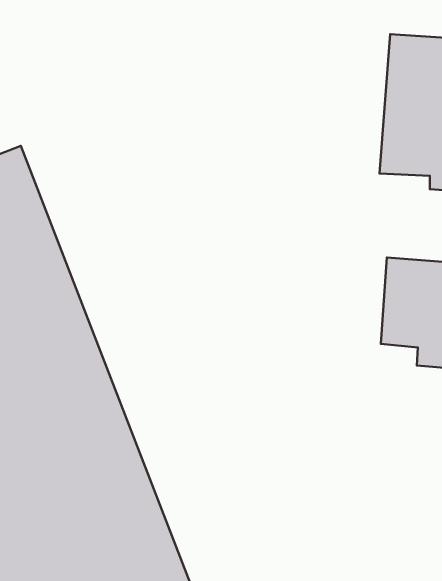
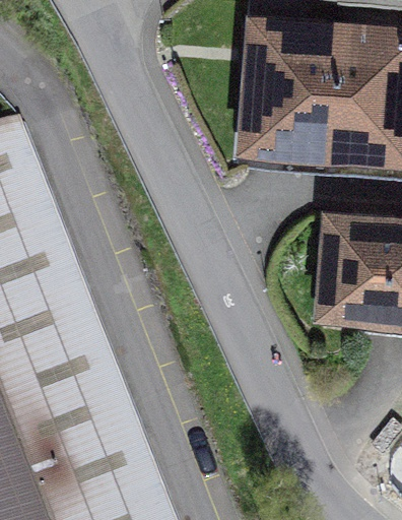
building: none -> [240,26,336,156]

